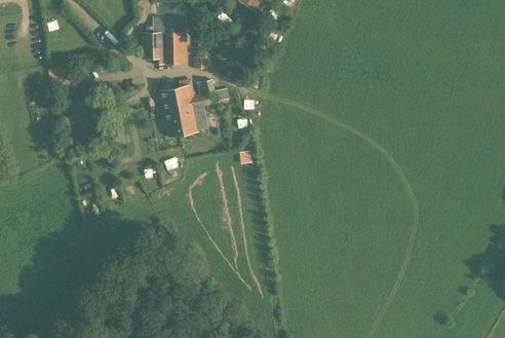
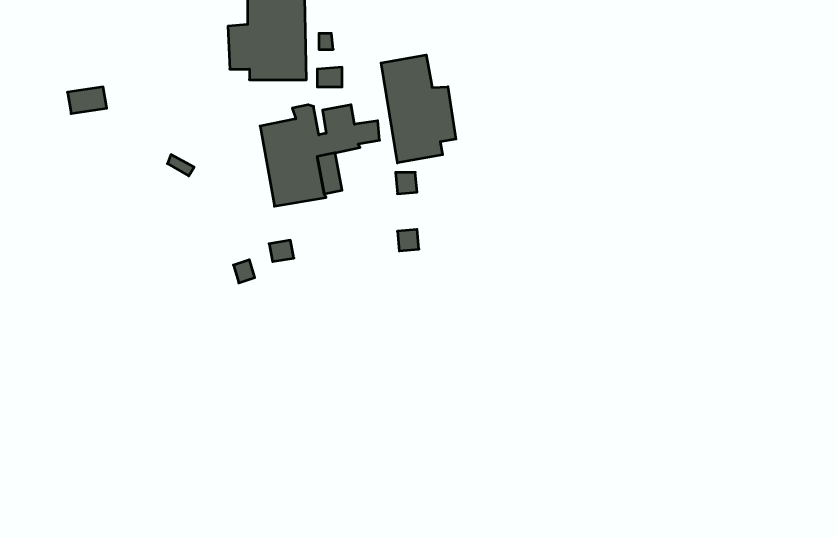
building: none -> [381,55,456,163]

